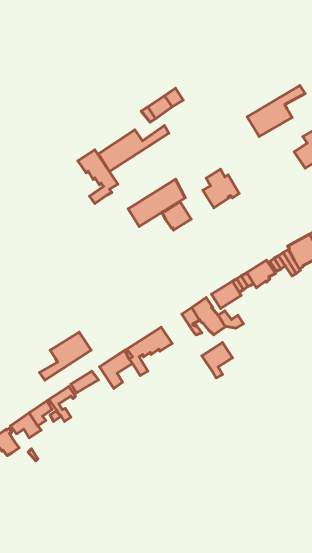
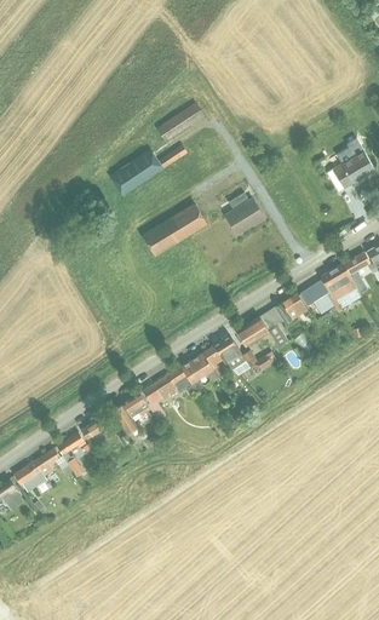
building: [247,85,305,136] -> none
building: [78,150,118,203] -> none
building: [162,202,191,230] -> none
building: [40,332,91,380] -> none
building: [202,343,232,378] -> [179,352,213,391]

